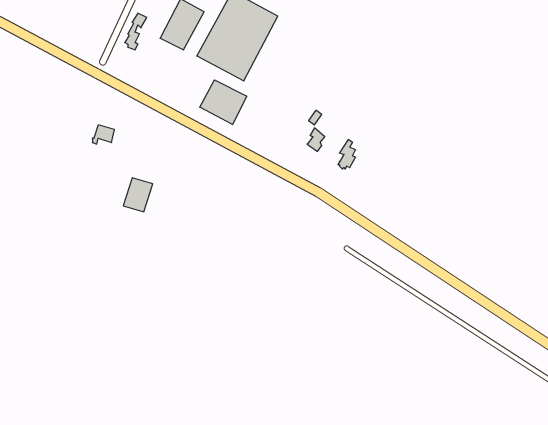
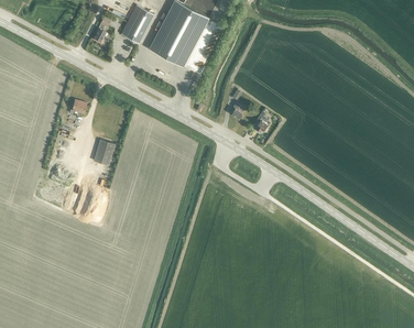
building: [200,80,247,125] -> none

